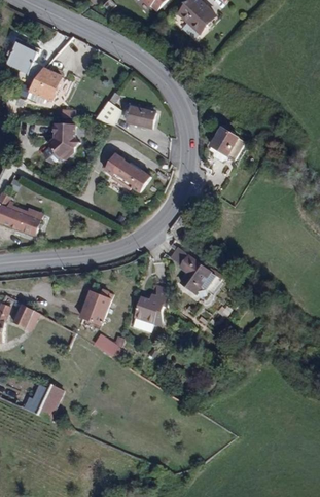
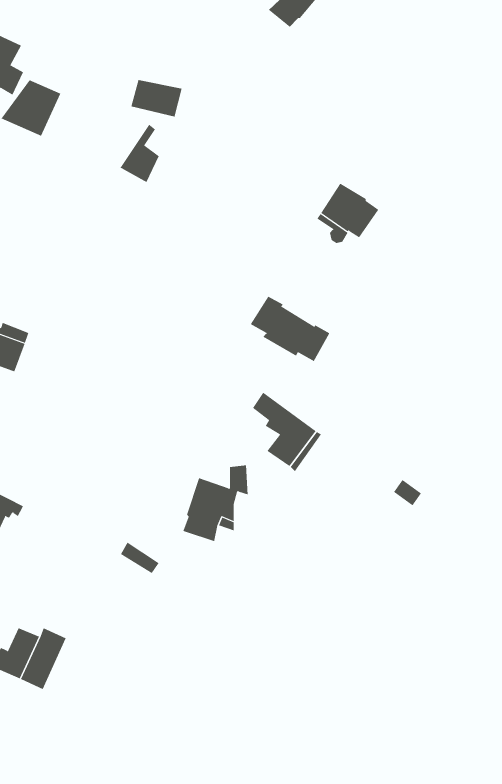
building: [127,107,156,129] -> [131,80,182,117]
building: [48,123,81,159] -> none
building: [107,156,153,194] -> [250,296,330,362]
building: [82,292,112,324] -> none

